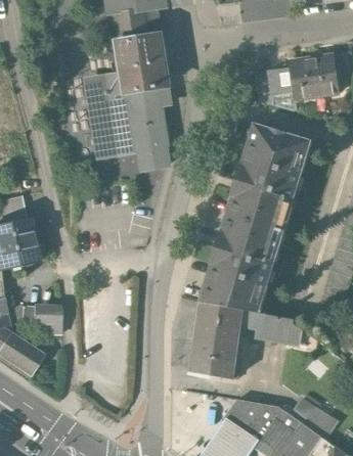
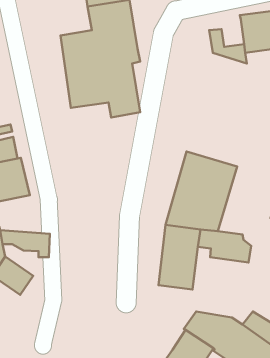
building: [265,59,293,91] -> none
building: [225,124,312,231] -> none

